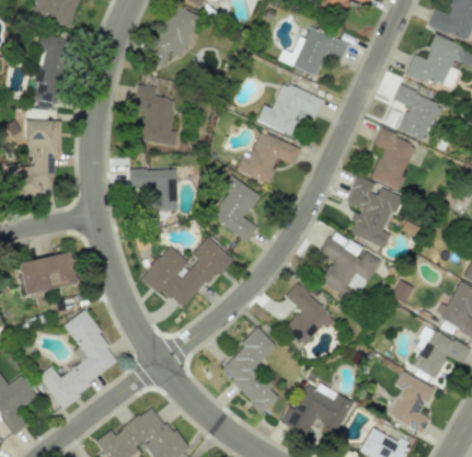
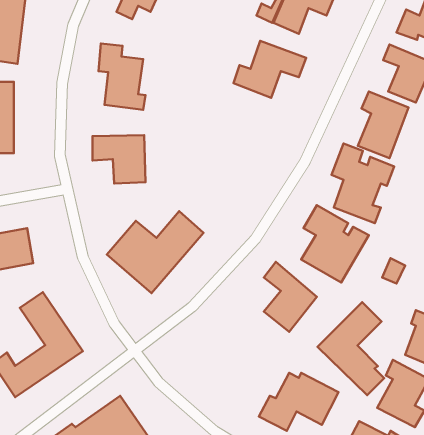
building: [235,130,300,182] -> none
building: [208,178,260,241] -> none
building: [218,328,278,412] -> [318,302,384,395]

